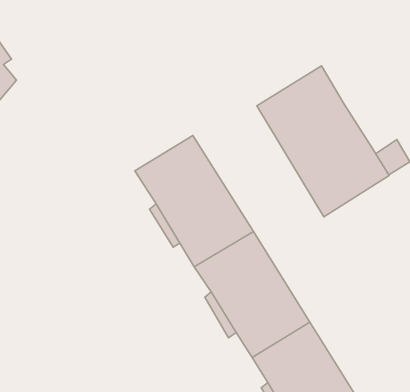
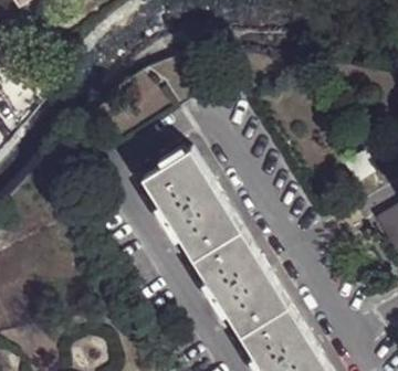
building: [257,66,389,217] -> none

